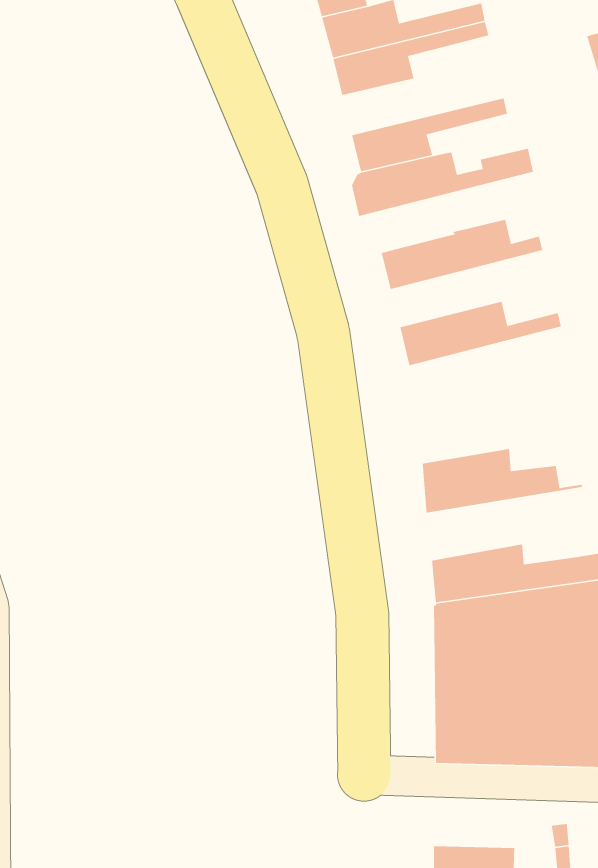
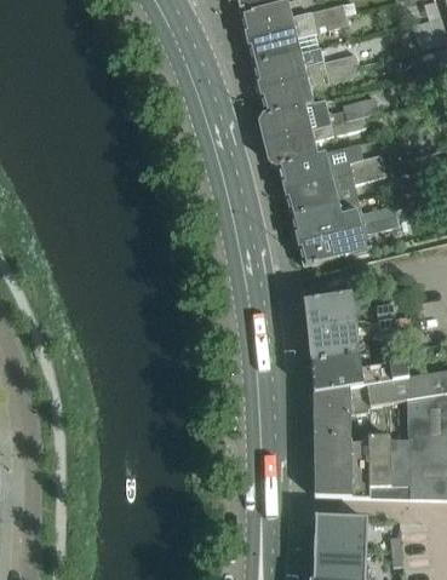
building: none -> [253,47,359,88]
building: none -> [264,116,366,165]
building: none -> [285,163,386,213]
building: none -> [297,213,399,266]
building: none -> [308,317,412,364]
building: none -> [313,516,367,551]

